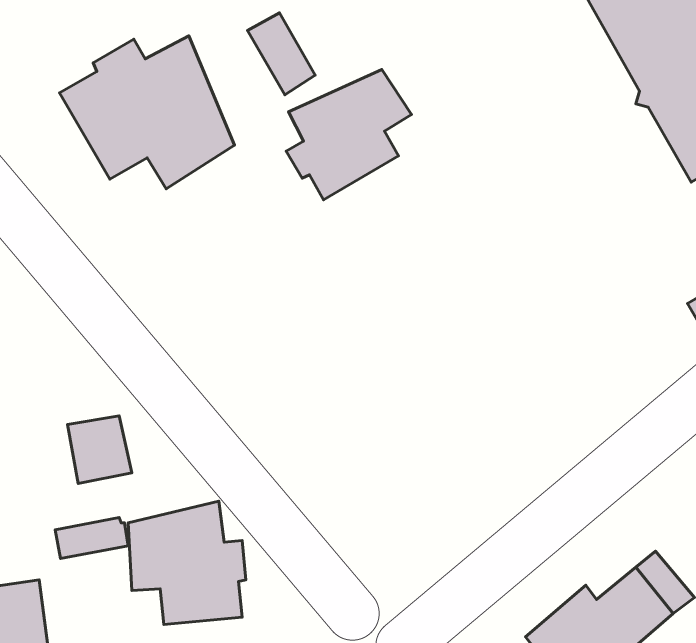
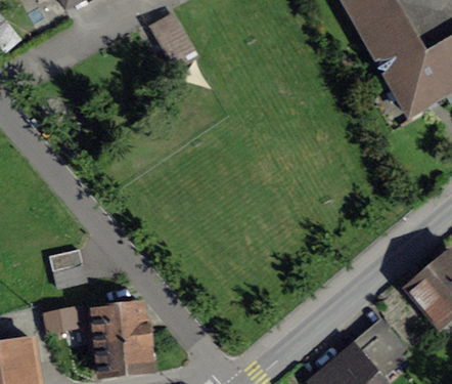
building: [59,36,234,189] -> none
building: [286,69,412,200] -> none

